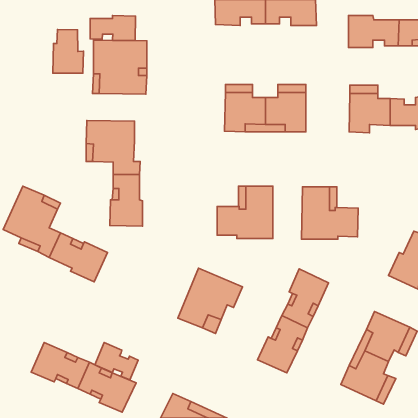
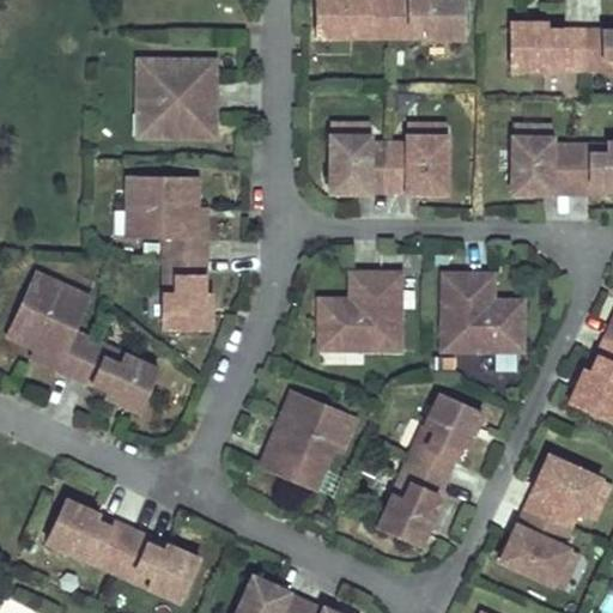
building: [90,16,136,41] -> none
building: [53,29,84,73] -> none
building: [95,342,138,380] -> none

